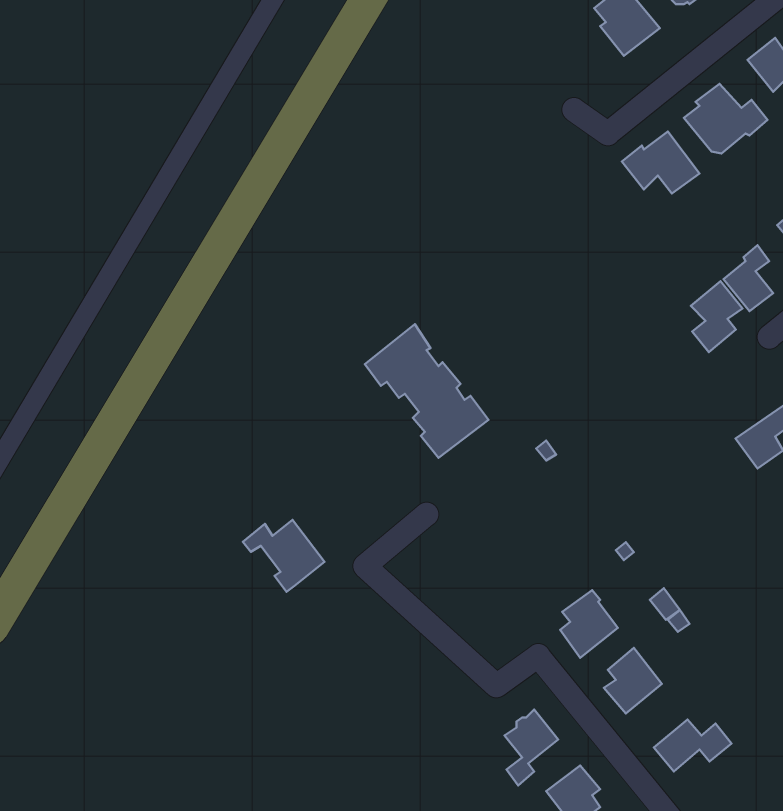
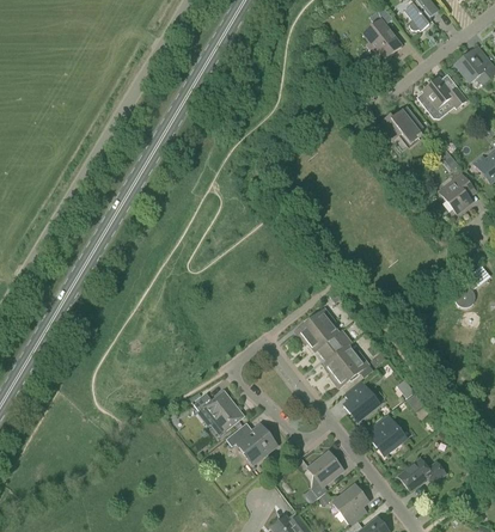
building: [691,281,743,352] -> none
building: [365,324,488,458] -> [294,306,368,386]
building: [243,520,324,592] -> [194,389,243,432]
building: none -> [225,423,271,464]

